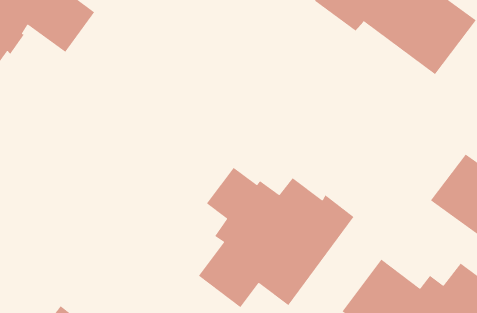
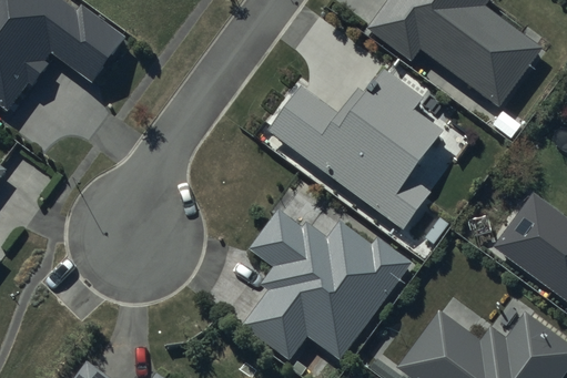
building: none -> [269,71,442,229]

